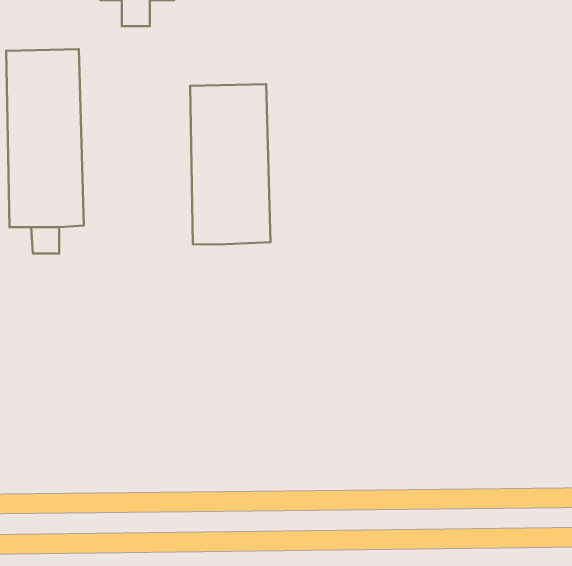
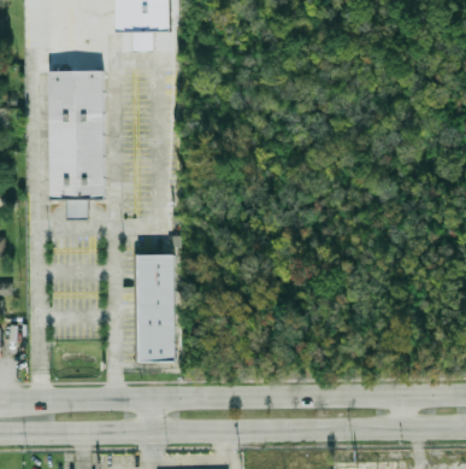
building: [190,84,270,245] -> none
building: none -> [136,254,175,360]

